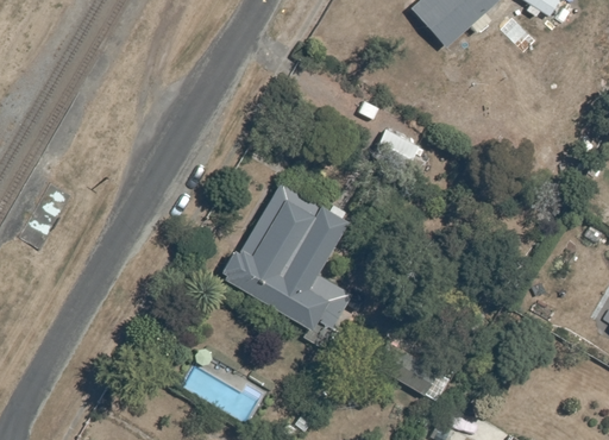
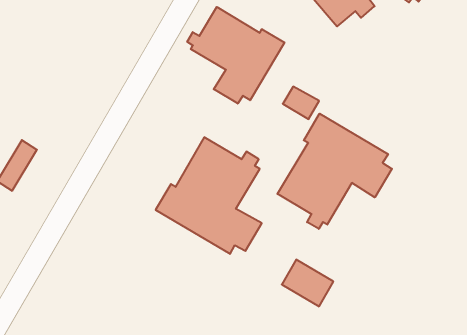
building: none -> [187,7,284,104]
building: none -> [277,114,392,229]

